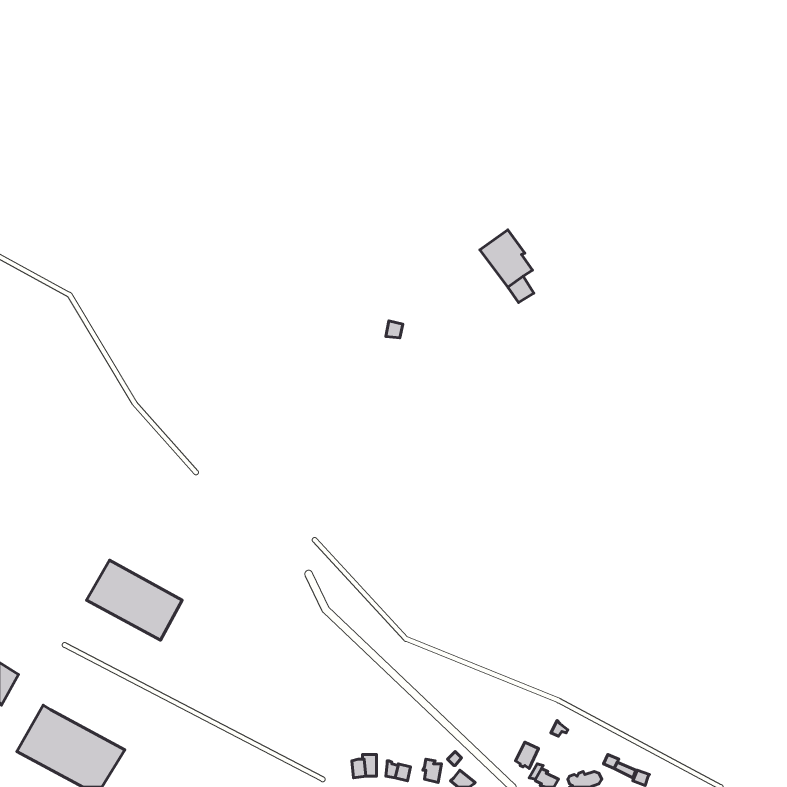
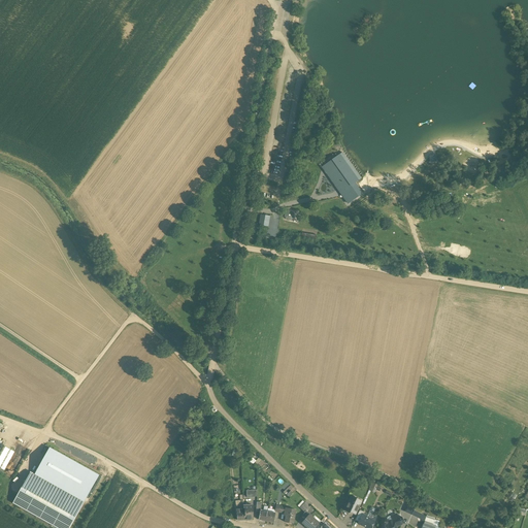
building: [86,560,182,640] -> [34,448,98,501]

